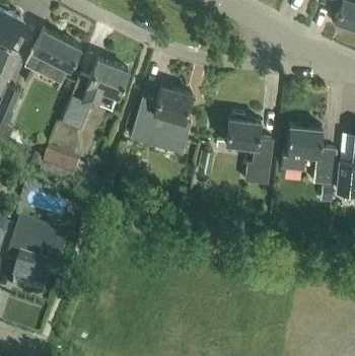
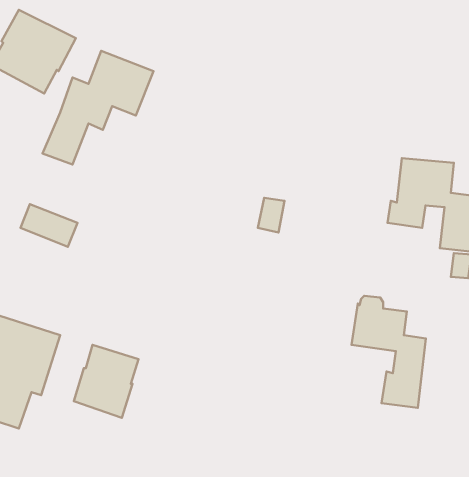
building: [130,86,192,154] -> none
building: [225,113,273,185] -> [352,296,426,408]
building: none -> [74,345,139,418]

